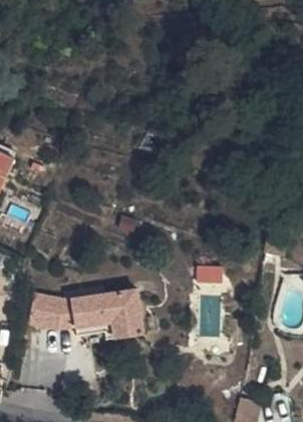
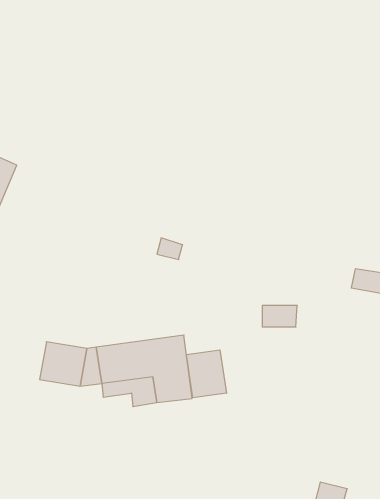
building: none -> [186,350,226,398]

